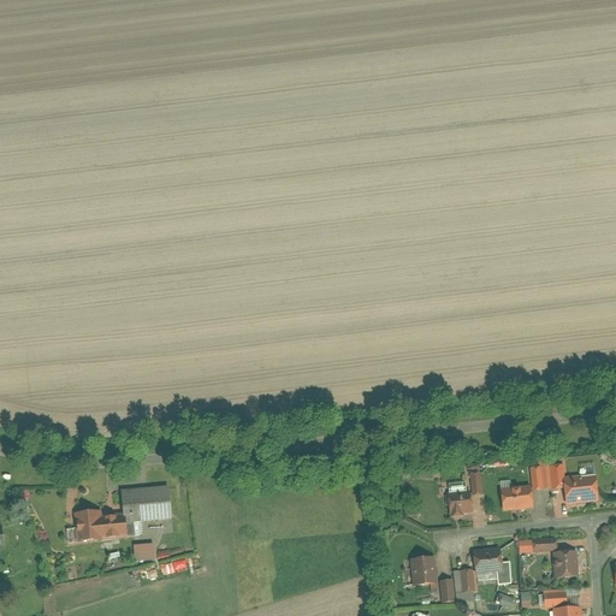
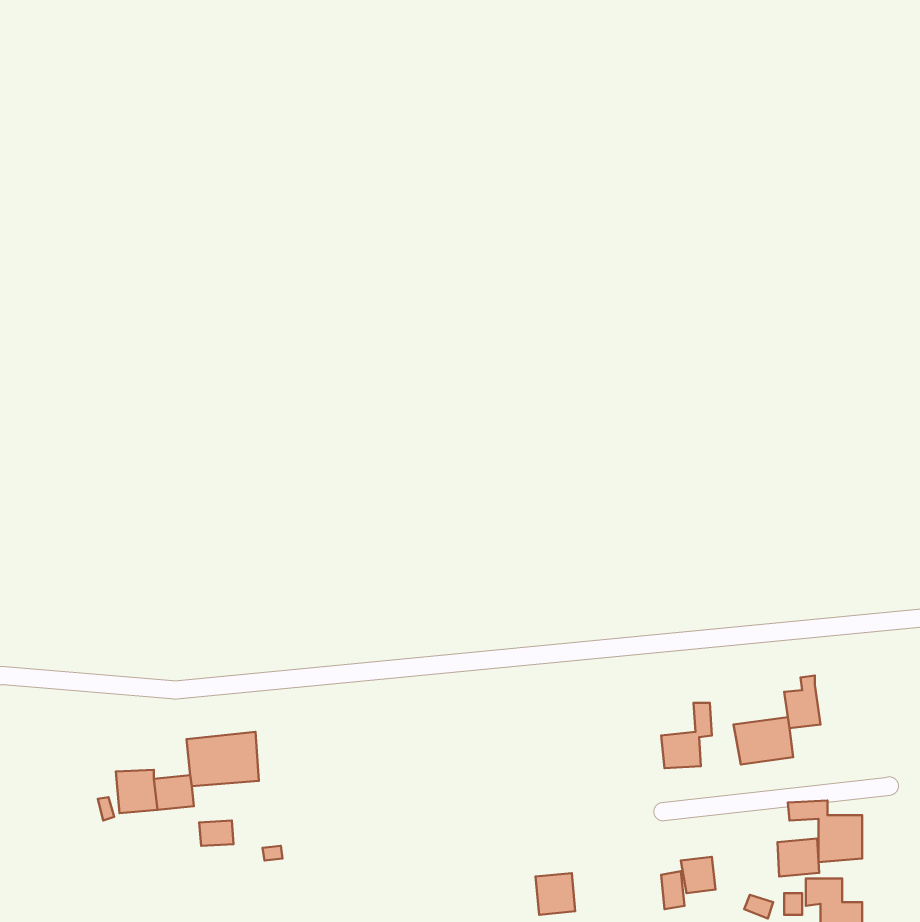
building: [545,455,594,500] -> none
building: [478,550,505,575] -> [777,838,819,876]
building: [415,562,442,590] -> [535,873,575,915]

